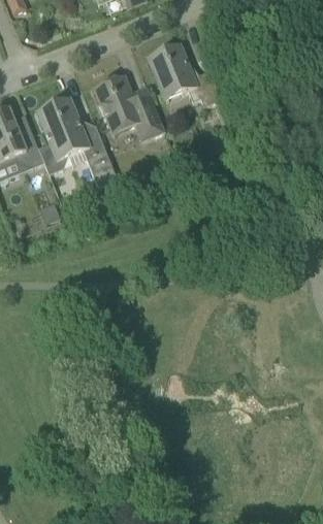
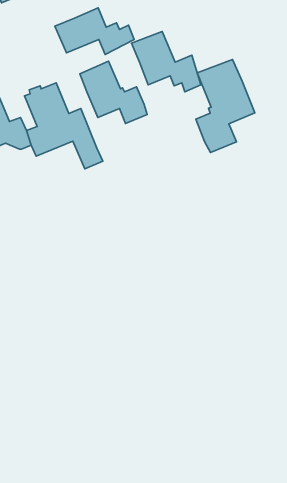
building: none -> [55,8,134,55]
building: none -> [196,60,255,153]

